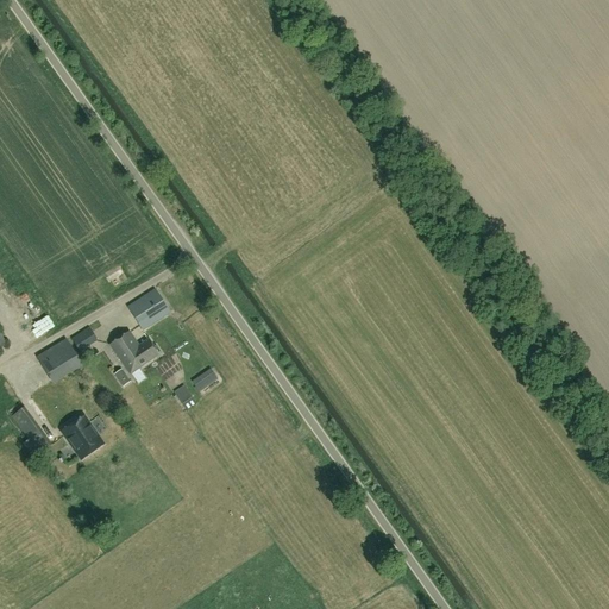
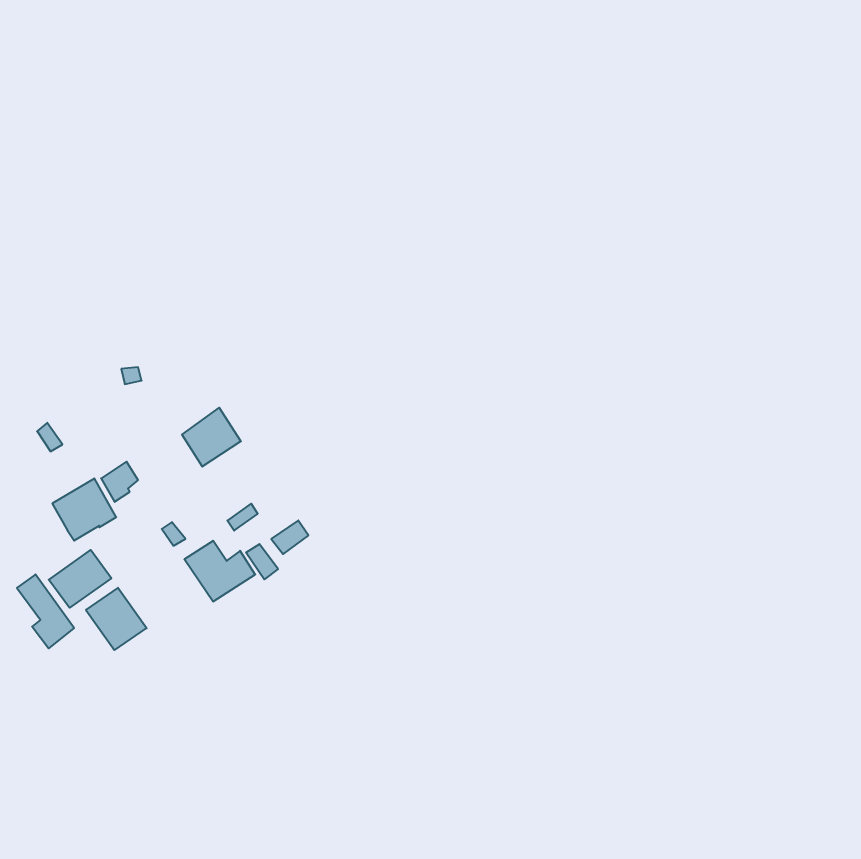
building: [109,331,159,373] -> [184,541,255,601]
building: none -> [49,550,111,608]

